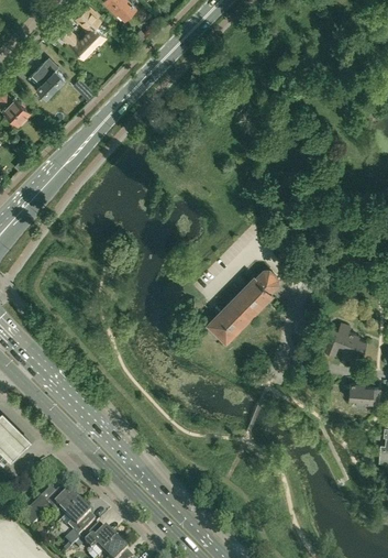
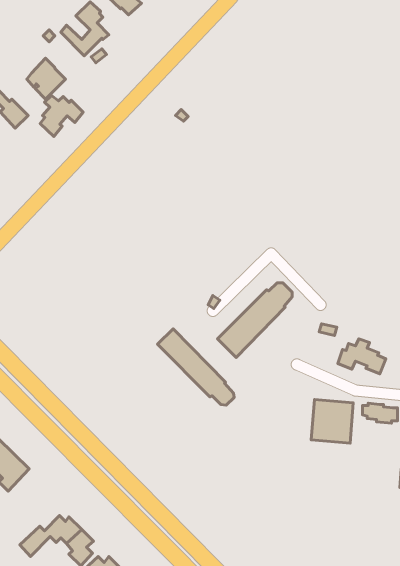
building: none -> [40,95,83,136]
building: none -> [158,329,234,405]
building: none -> [311,400,353,443]

